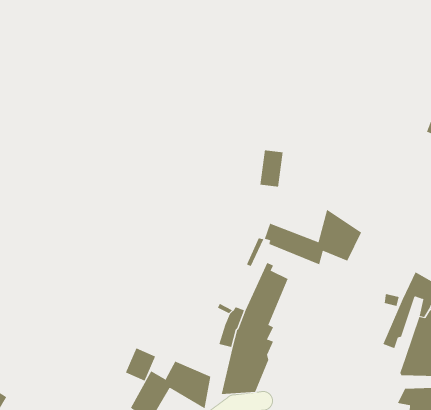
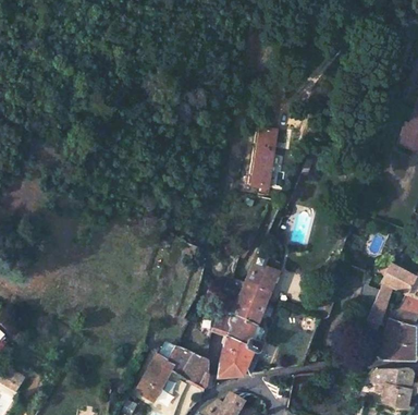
building: none -> [256,129,276,157]
building: [264,209,362,265] -> none
building: [125,348,156,381] -> none

